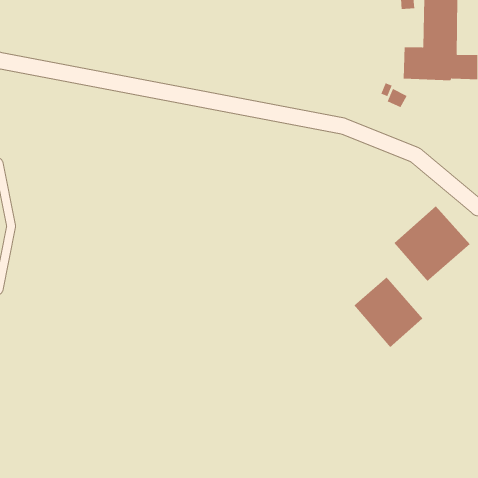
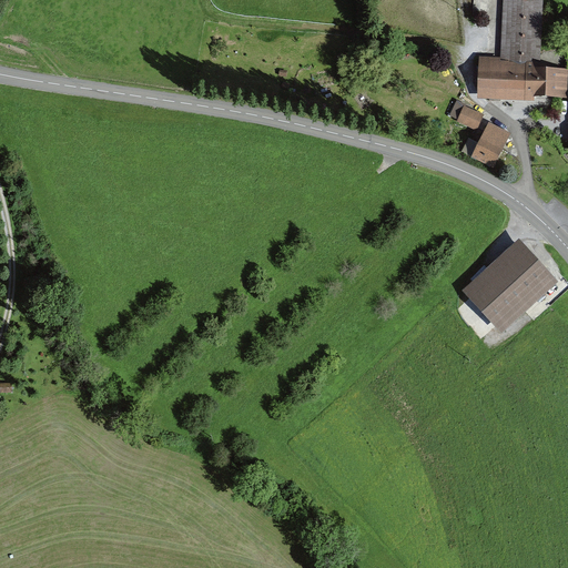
building: none -> [462,122,510,166]
building: [354,277,423,348] -> none

